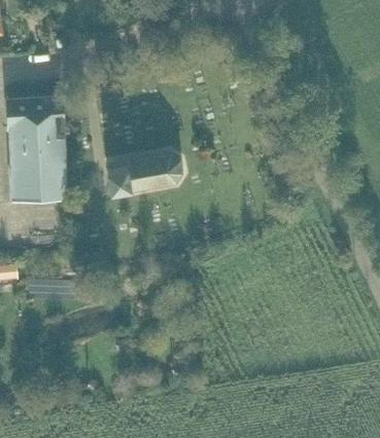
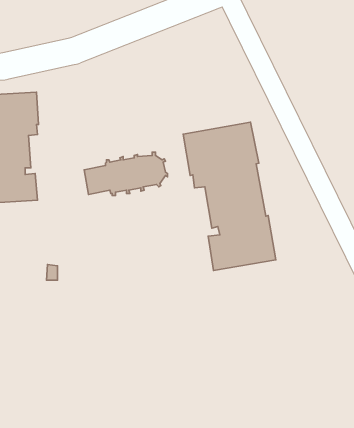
building: none -> [183,122,276,270]

